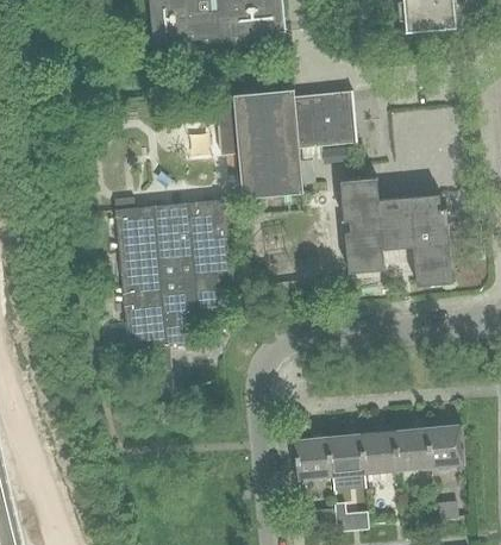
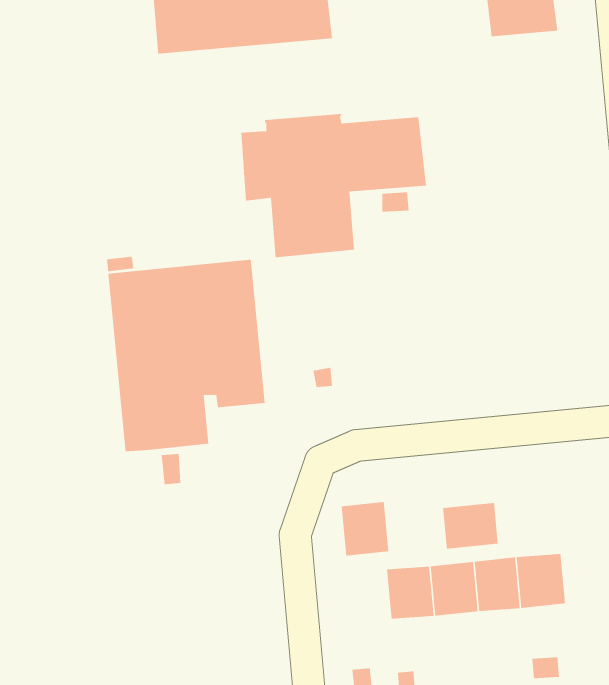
building: [340,177,453,286] -> none
building: none -> [443,502,498,550]
building: [294,436,331,477] -> [341,501,389,556]

